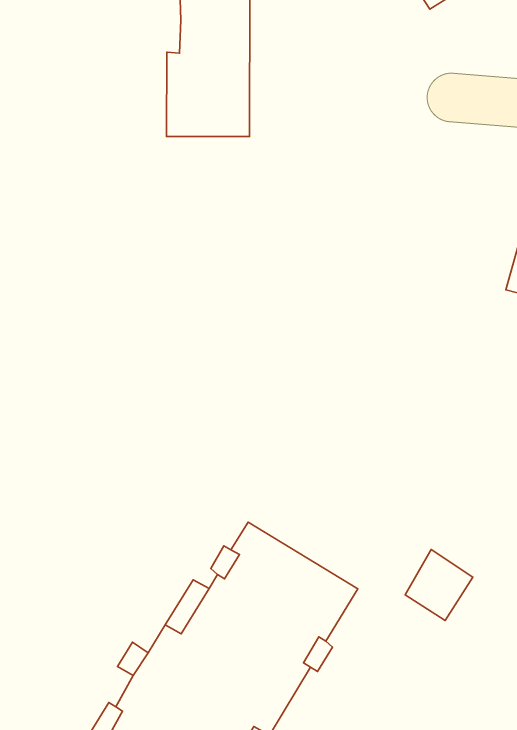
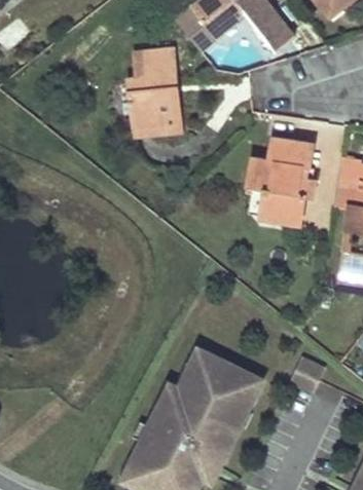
building: none -> [247,137,316,224]

